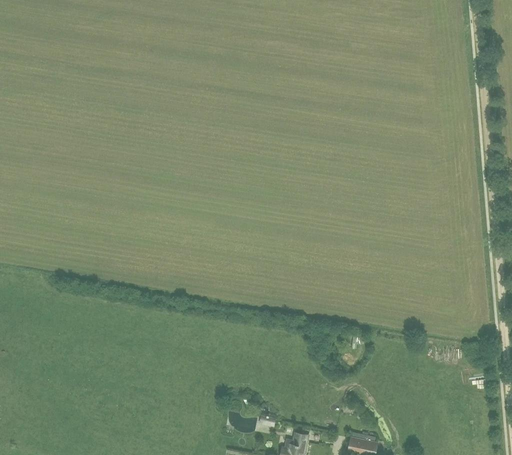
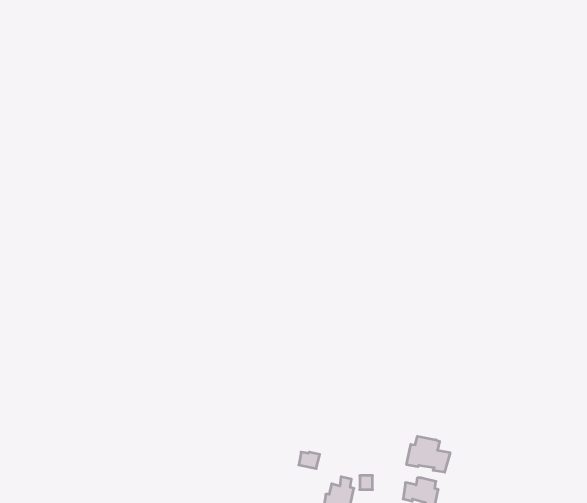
building: none -> [407,436,450,472]

